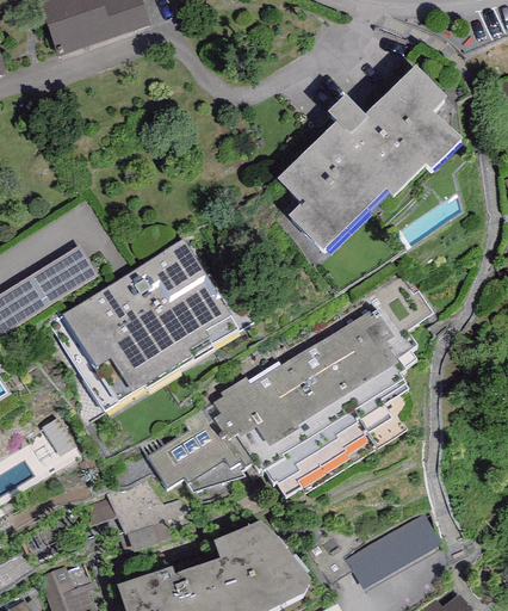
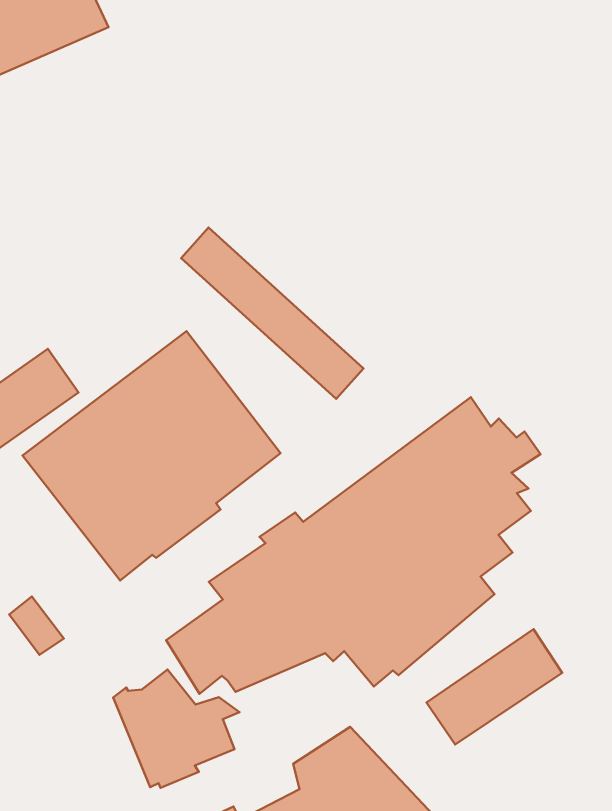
building: [268,64,459,266] -> none
building: none -> [181,228,363,399]
building: [343,508,439,582] -> [426,629,562,745]

